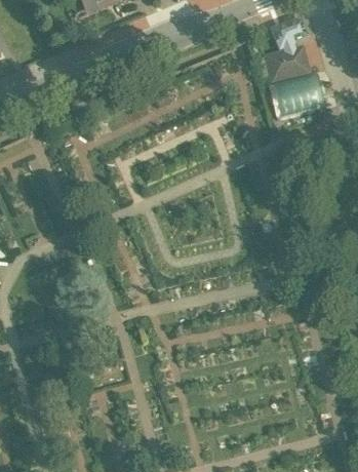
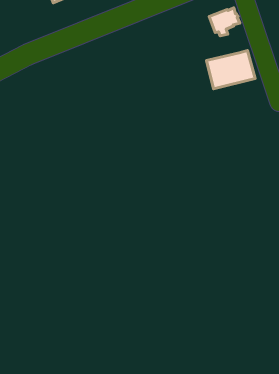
building: [266,45,308,78] -> none

